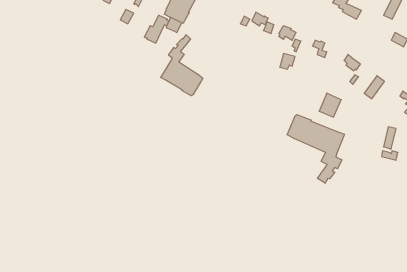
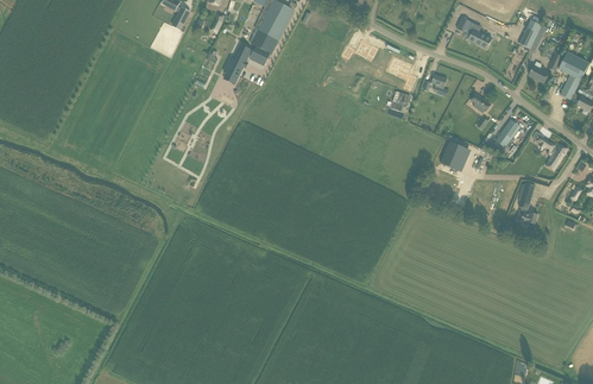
building: [161,35,203,96] -> none
building: [287,115,345,183] -> none

